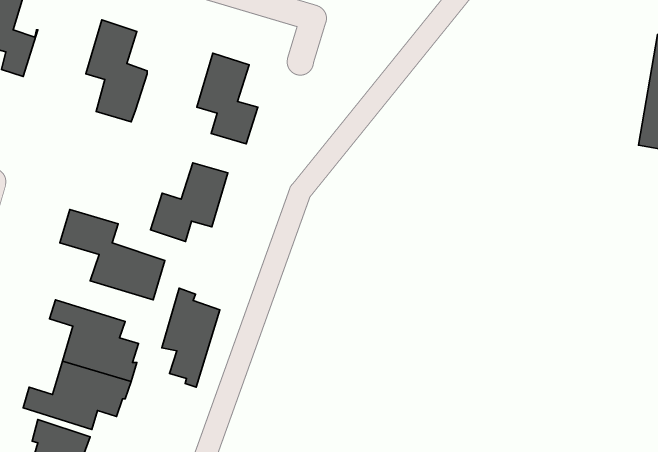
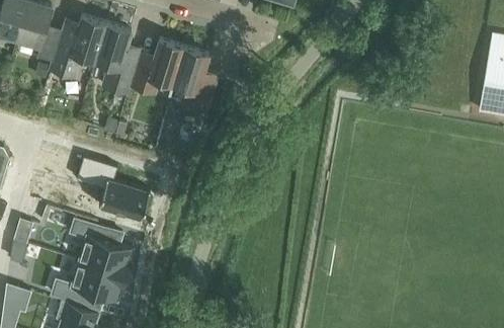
building: none -> [50,17,106,79]
building: [151,163,228,241] -> [130,40,183,95]
building: [162,288,220,387] -> none

